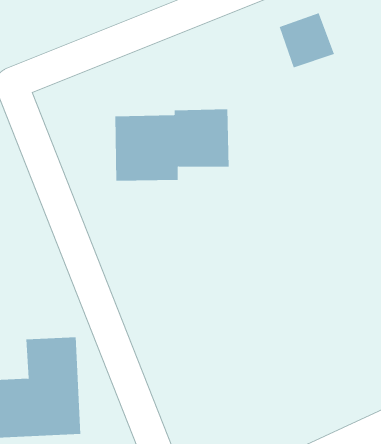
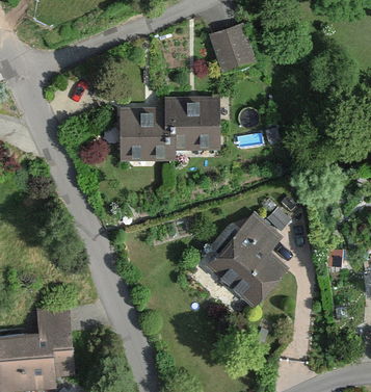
building: [279,13,335,68] -> [207,24,256,73]
building: none -> [202,208,282,305]

